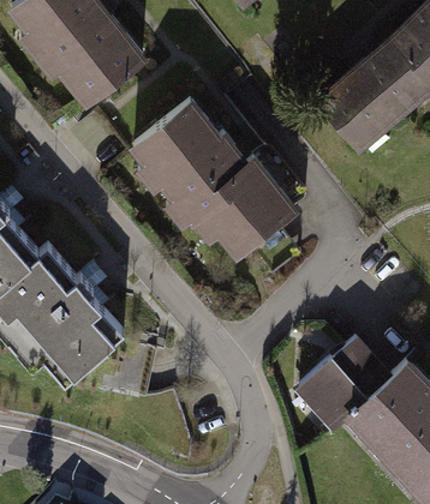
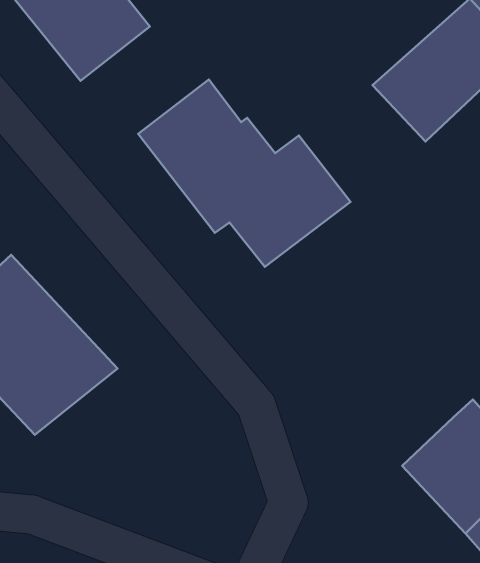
building: [300,335,392,426] -> none

